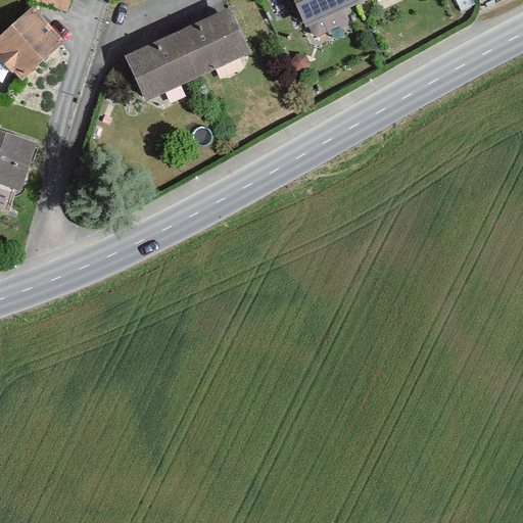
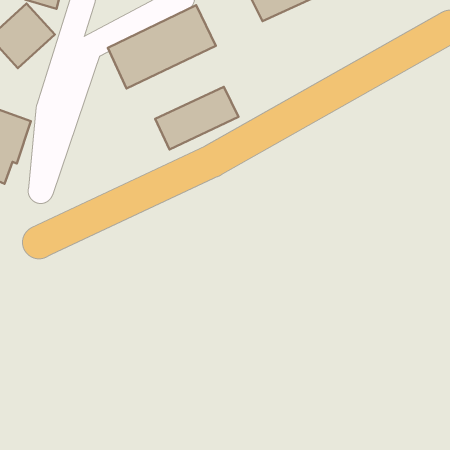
building: none -> [155,87,239,150]

